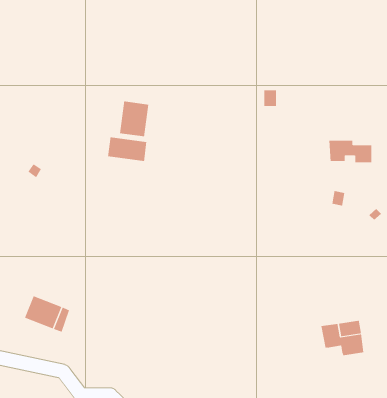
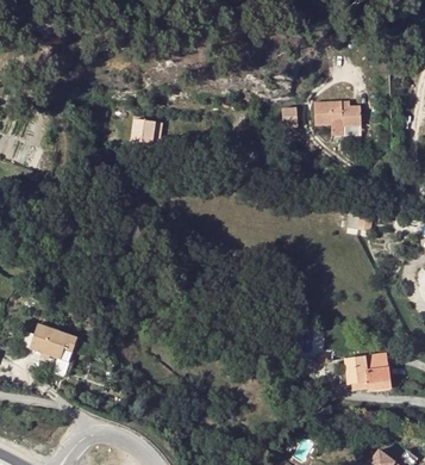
building: [108,136,147,162] -> none
building: [329,140,372,163] -> [314,100,361,124]

